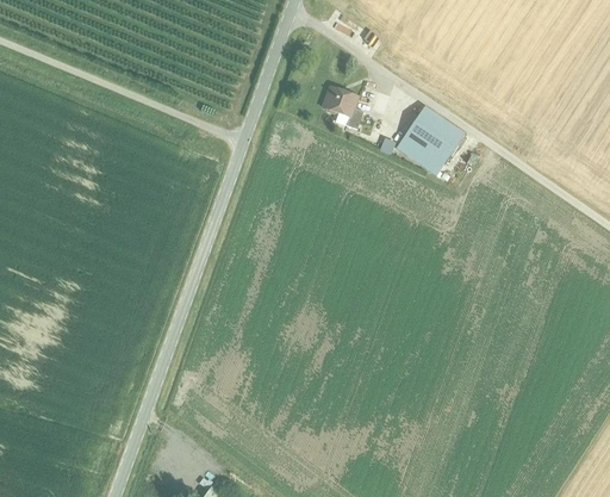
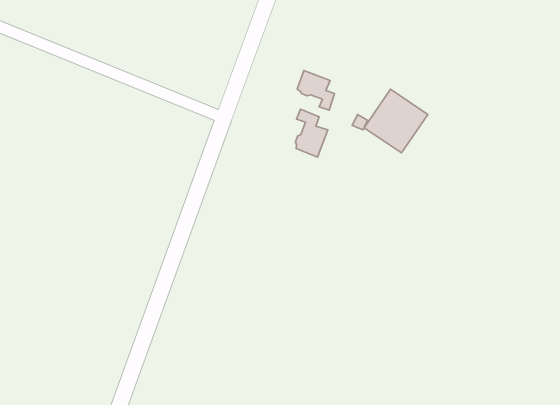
building: none -> [295,109,328,157]

